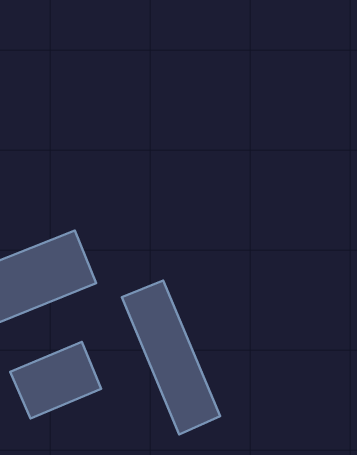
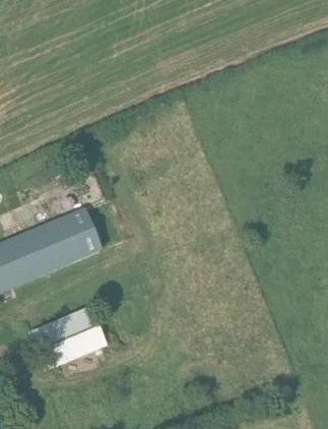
building: [122,281,220,435] -> none

